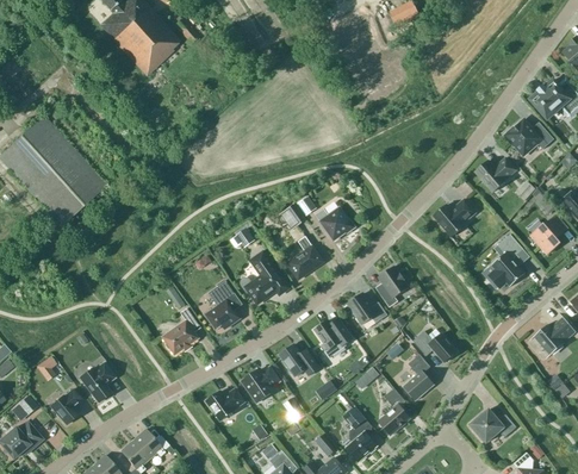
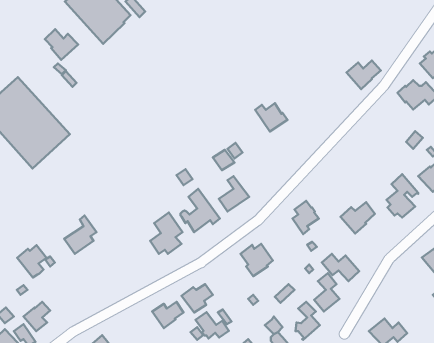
building: none -> [45,29,78,60]
building: [474,157,516,192] -> [346,61,381,89]
building: [434,198,476,236] -> [341,202,375,234]
building: [316,206,355,241] -> [255,103,287,131]
building: [344,293,386,324] -> none
building: [162,307,201,354] -> [64,215,96,254]
building: [280,344,321,376] -> [196,312,229,339]
building: [79,362,114,401] -> [17,245,46,277]

